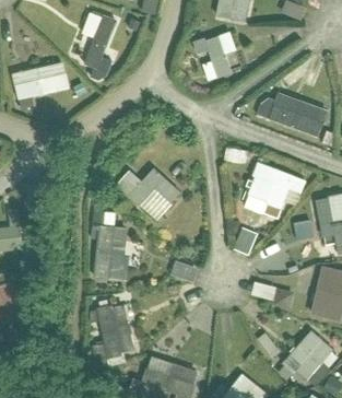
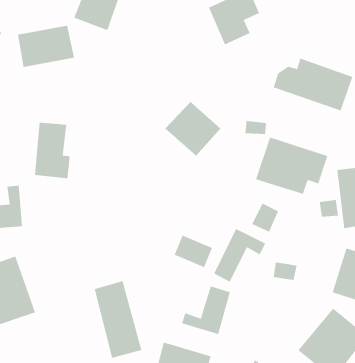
building: [127,171,179,222] -> [164,101,221,157]
building: [93,230,127,282] -> [34,122,71,179]
building: none -> [214,228,266,283]
building: none -> [181,286,230,335]

